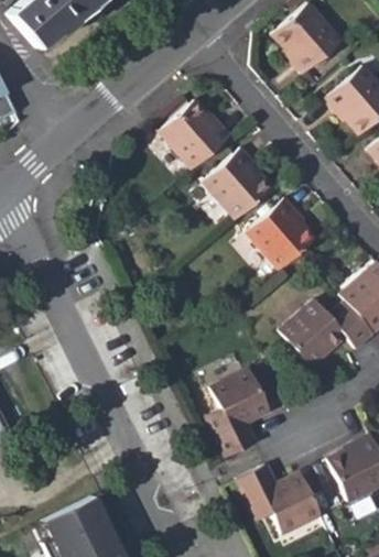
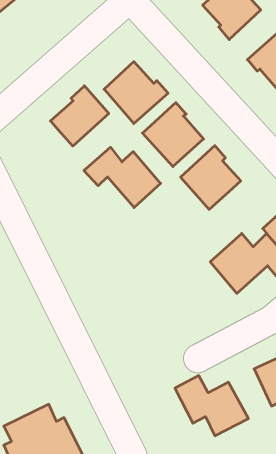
building: none -> [50,86,109,146]
building: none -> [84,147,161,208]
building: [207,368,270,459] -> none

